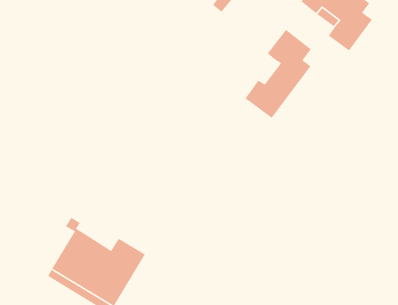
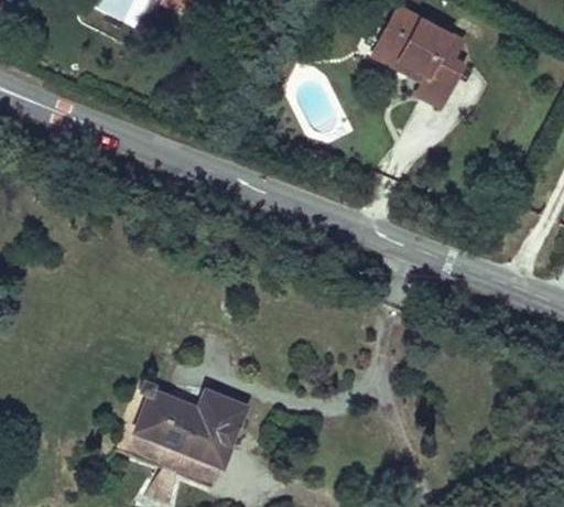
building: [245,29,312,119] -> none

